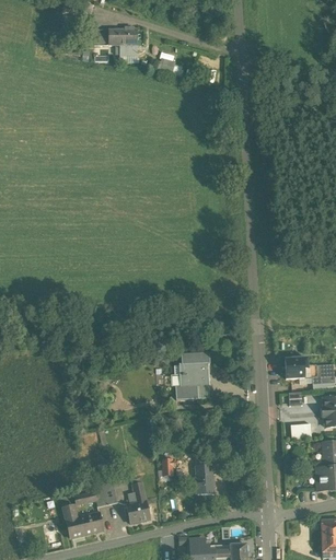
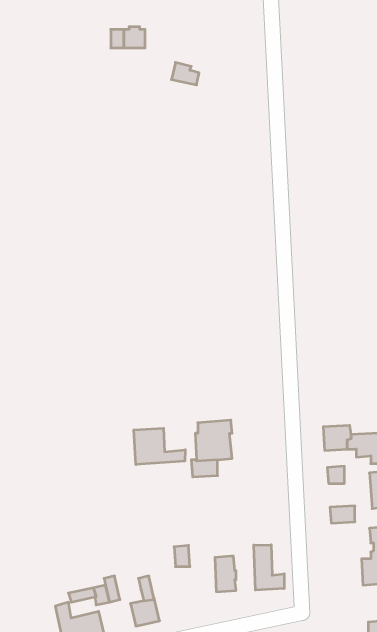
building: none -> [134,428,185,465]
building: none -> [254,545,284,590]

